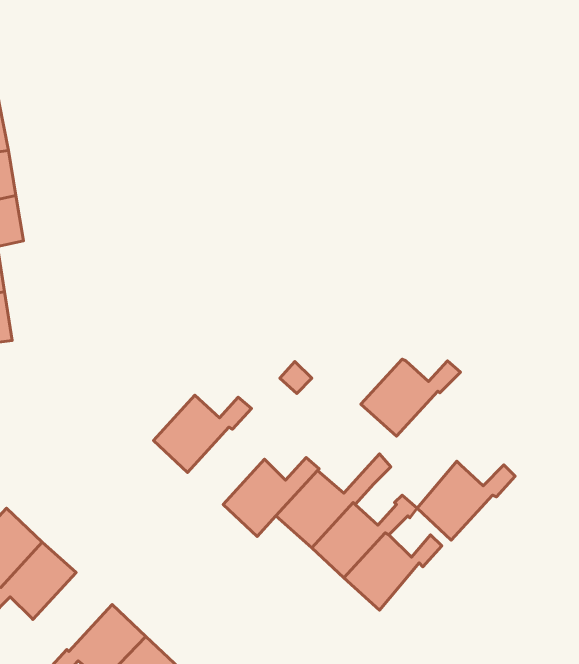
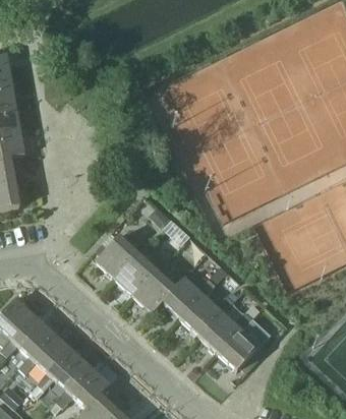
building: [361,359,461,436] -> [113,253,167,295]
building: [417,461,515,540] -> [217,326,270,369]
building: none -> [18,332,72,374]

